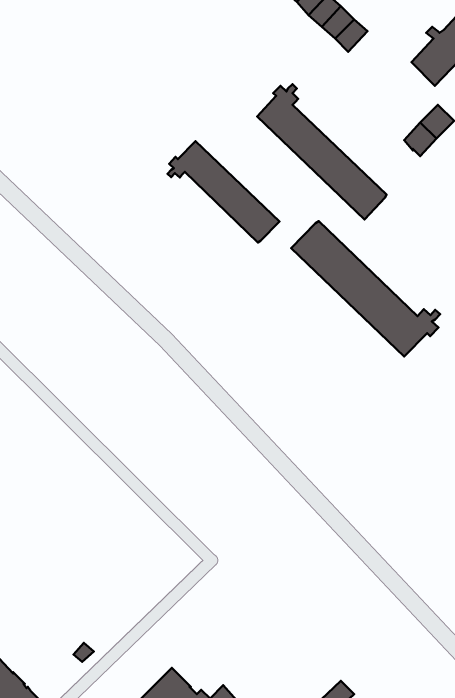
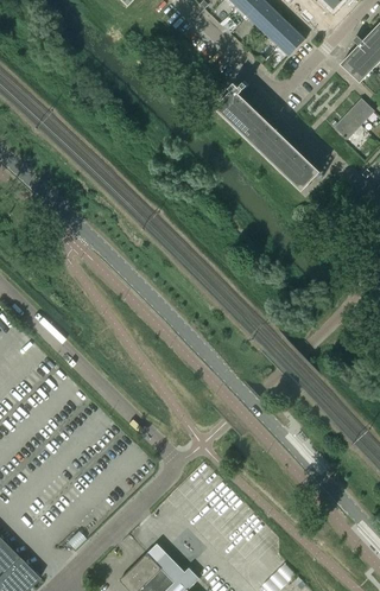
building: [167,141,279,242] -> none
building: [291,221,440,356] -> none

